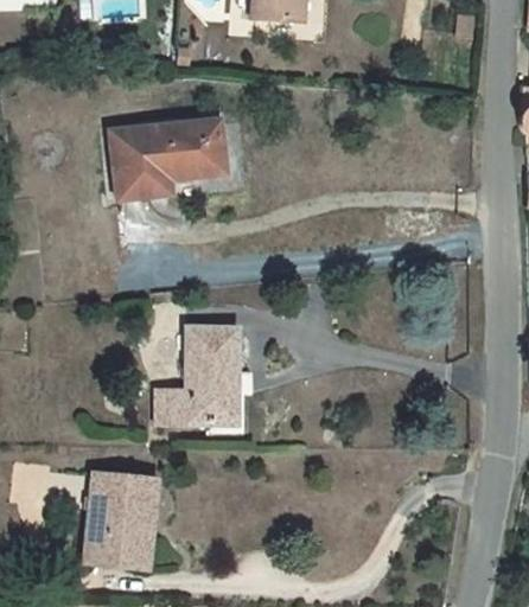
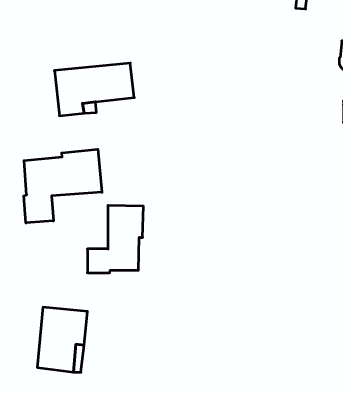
building: none -> [24,149,102,223]

